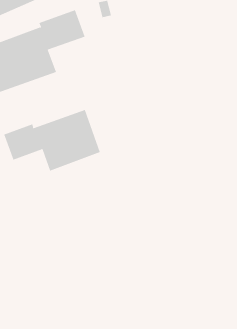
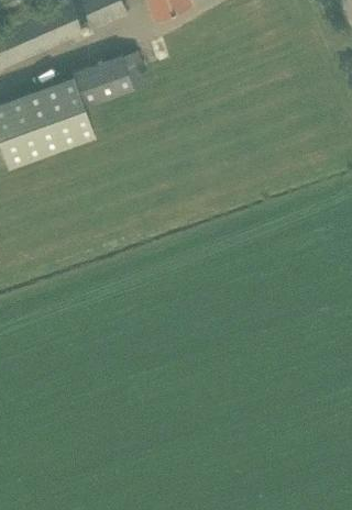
building: [3,109,101,171] -> none

